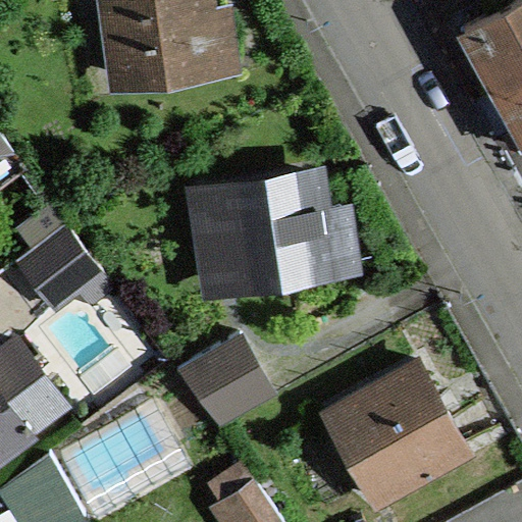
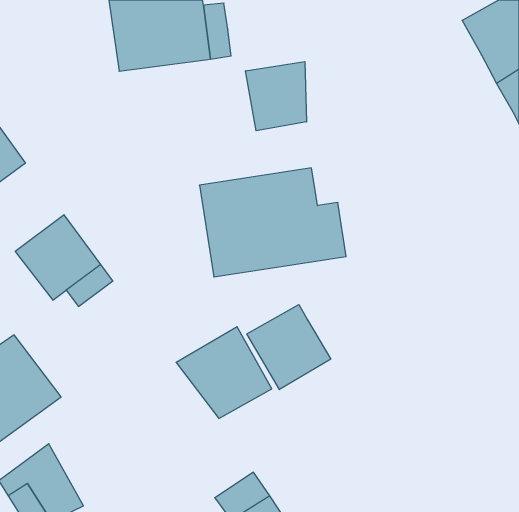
building: none -> [246,62,307,131]
building: none -> [247,305,331,390]
building: [327,364,467,502] -> none

